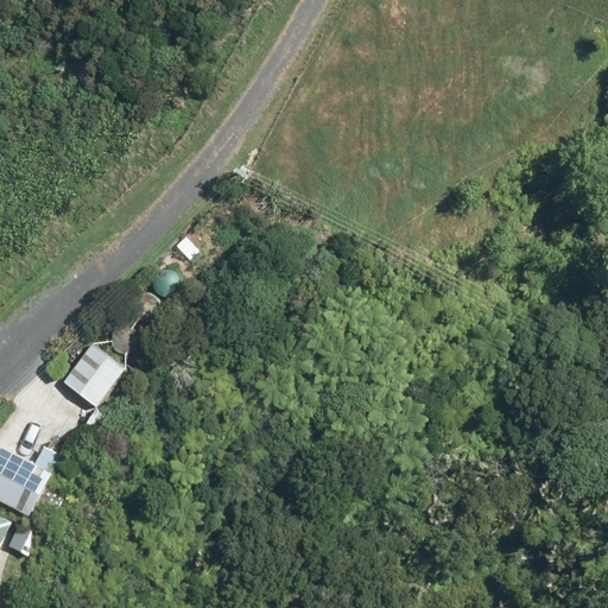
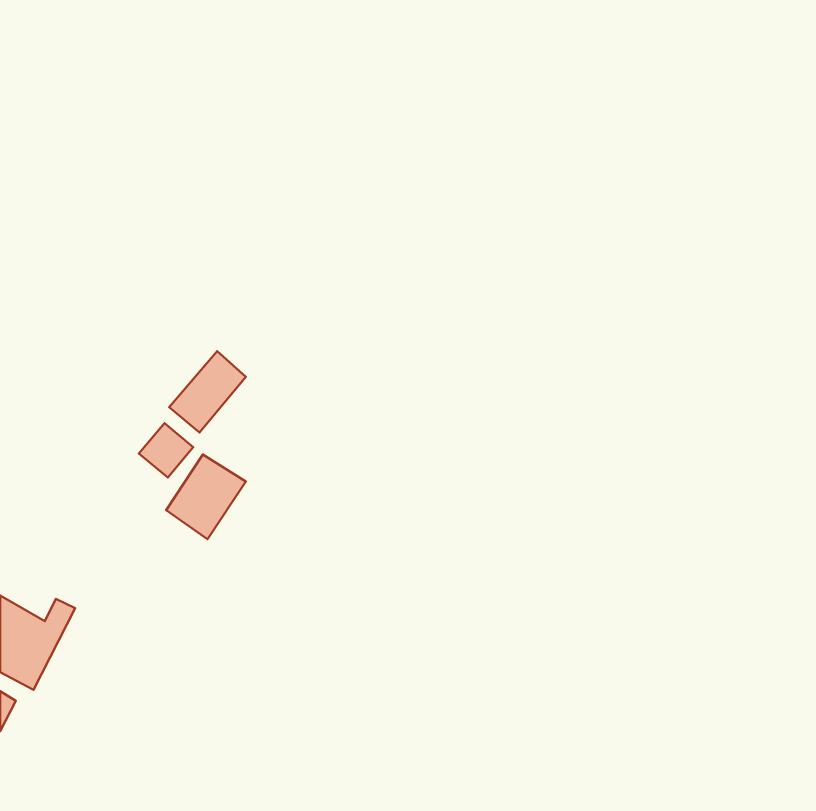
building: [63,343,122,406] -> [166,454,246,539]

